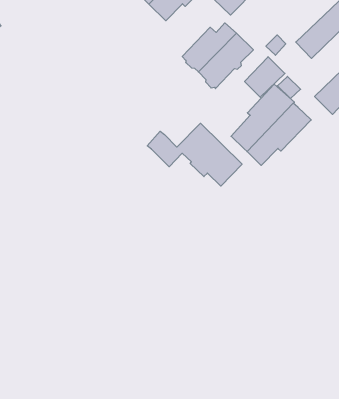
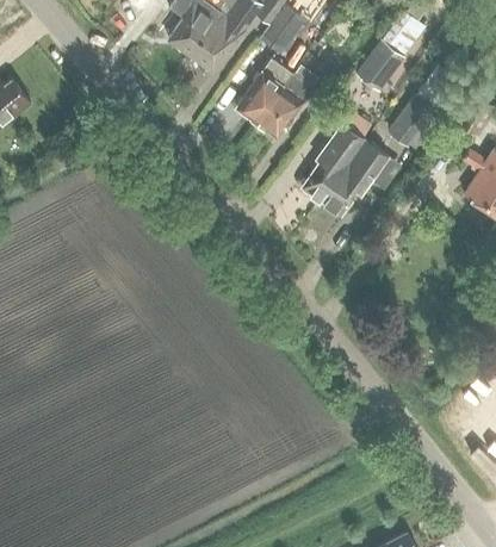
building: [245,57,285,97] -> none
building: [147,123,242,186] -> none

